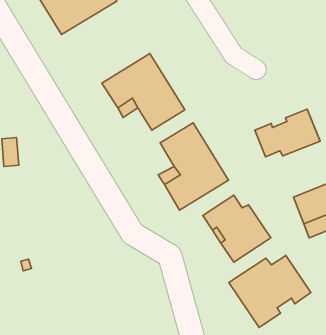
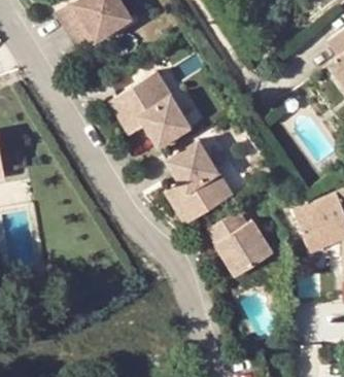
building: [255,109,320,157] -> none
building: [229,255,311,328] -> none

